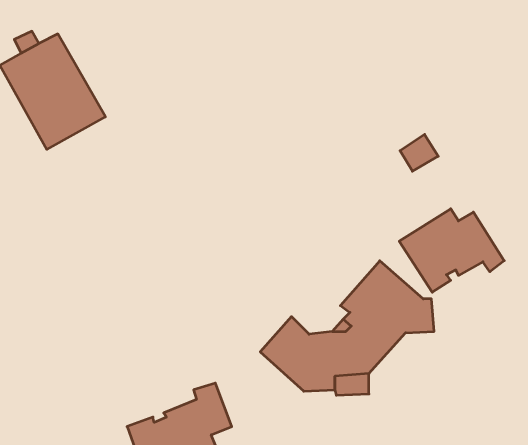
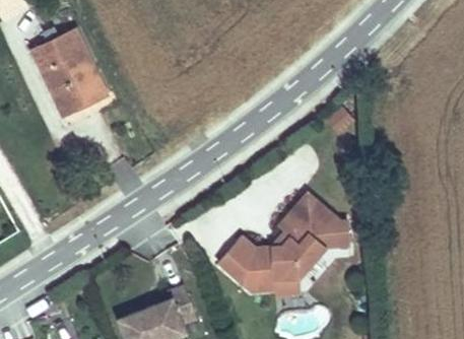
building: [399,209,504,292] -> none

